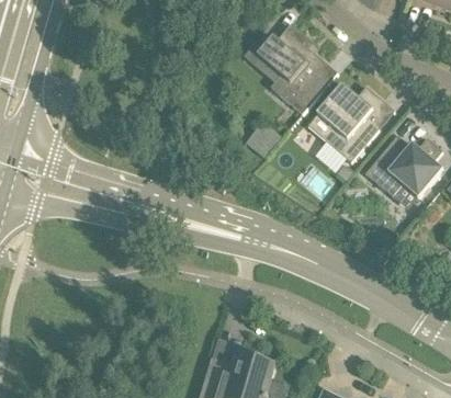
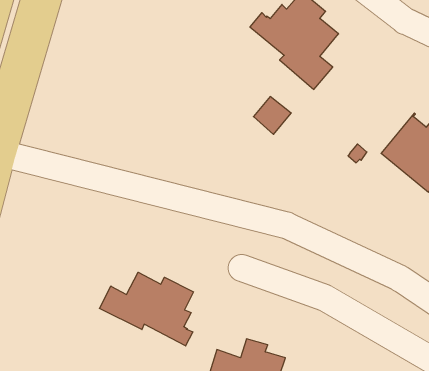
building: [306,83,381,172] -> none
building: none -> [99,272,193,346]

